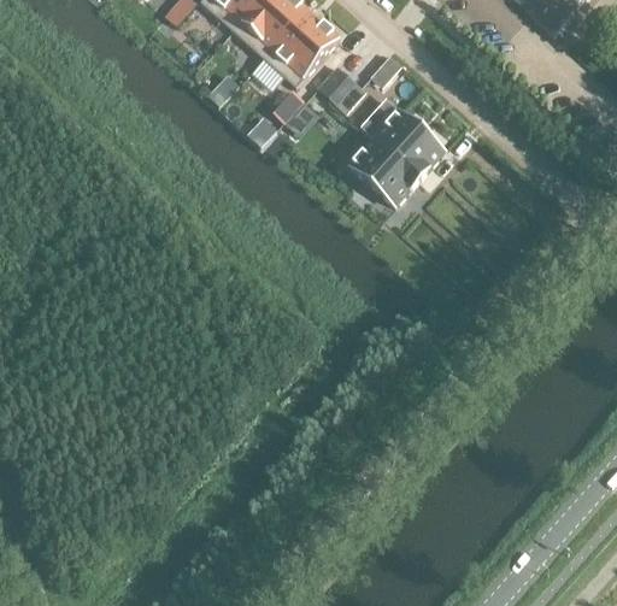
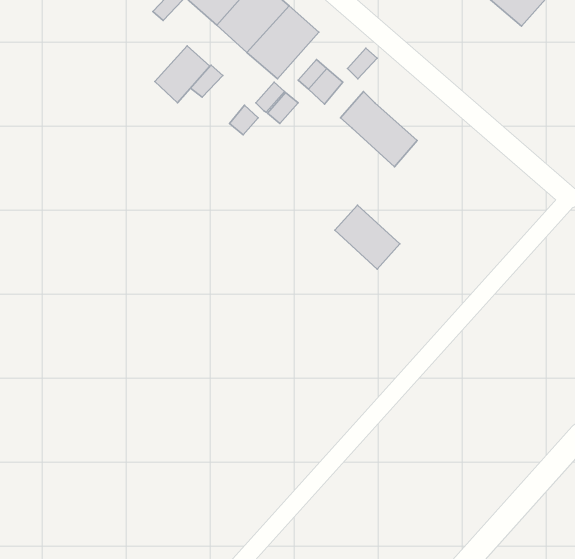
building: none -> [155,46,210,103]
building: [352,136,421,204] -> [335,205,400,269]

